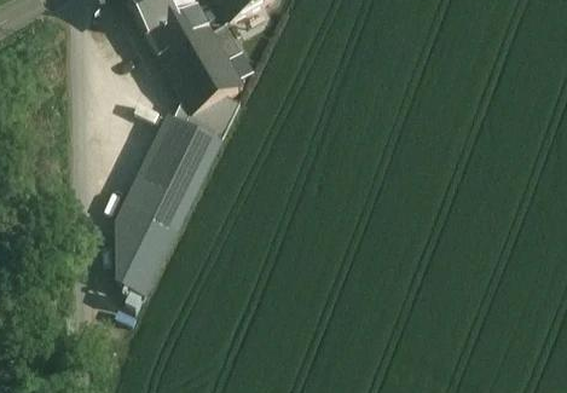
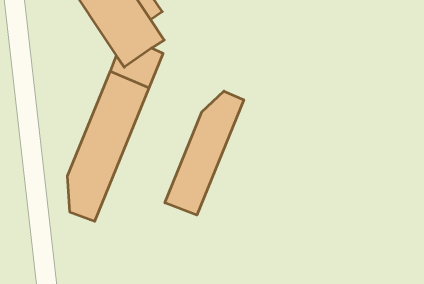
building: none -> [165,91,244,215]

